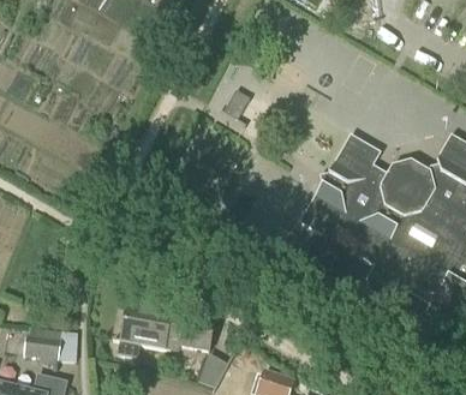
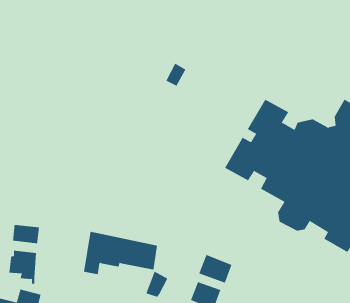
building: none -> [13,224,40,244]
building: none -> [199,254,232,284]

